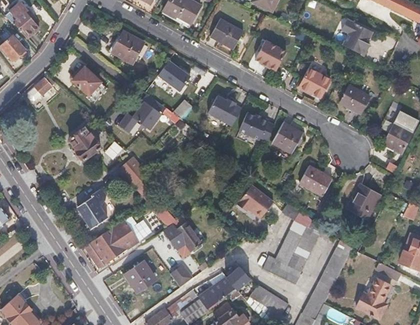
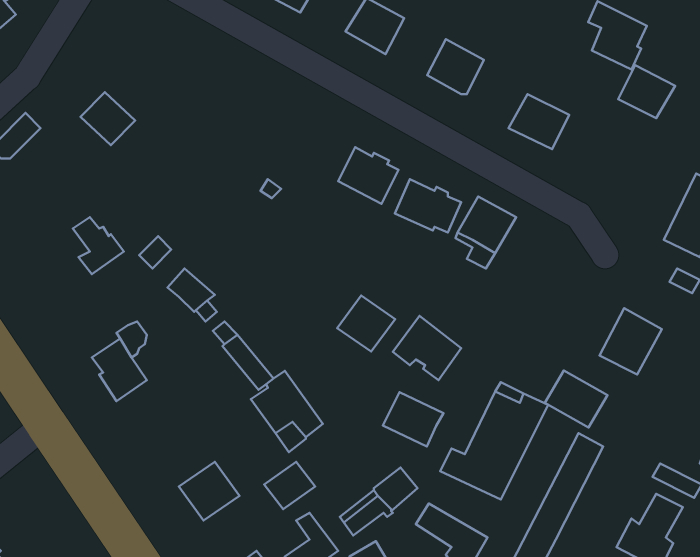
building: [112,31,144,62] -> none
building: [159,61,191,91] -> none
building: [340,85,370,113] -> [618,65,675,118]
building: [117,93,165,132] -> none
building: [298,165,331,195] -> [545,371,607,427]
building: none -> [337,296,395,352]
building: [85,218,138,266] -> none
building: none -> [383,392,444,446]

